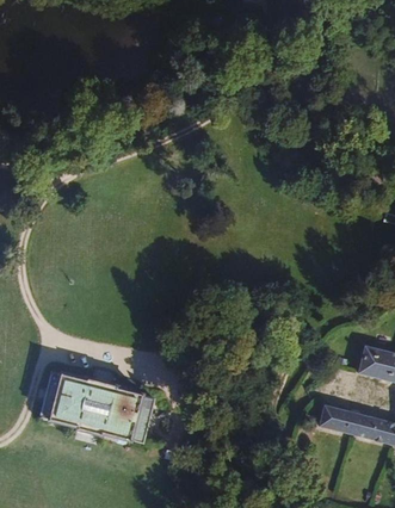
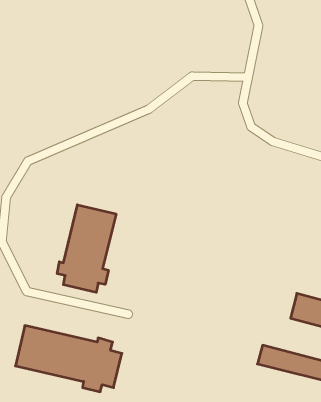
building: none -> [57,205,116,292]

